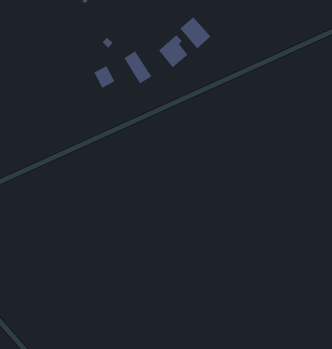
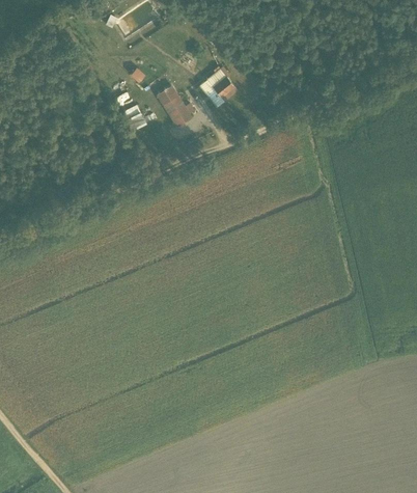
building: [180,17,211,49] -> none

